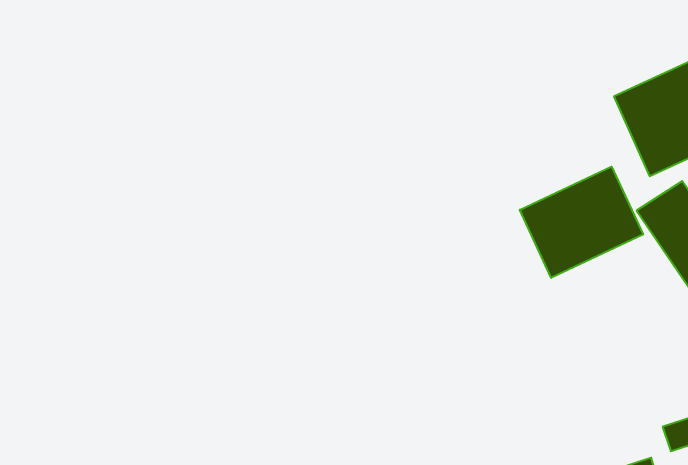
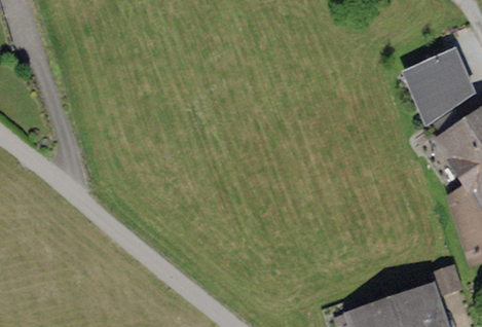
building: [520,167,643,278] -> none

